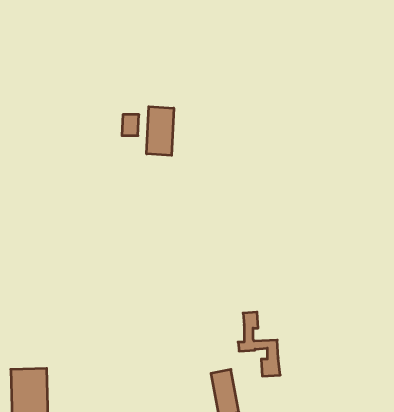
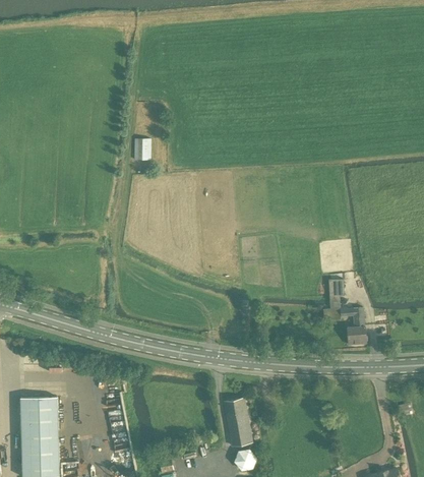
building: [147,107,174,155] -> none
building: [238,312,280,376] -> [323,279,366,344]

